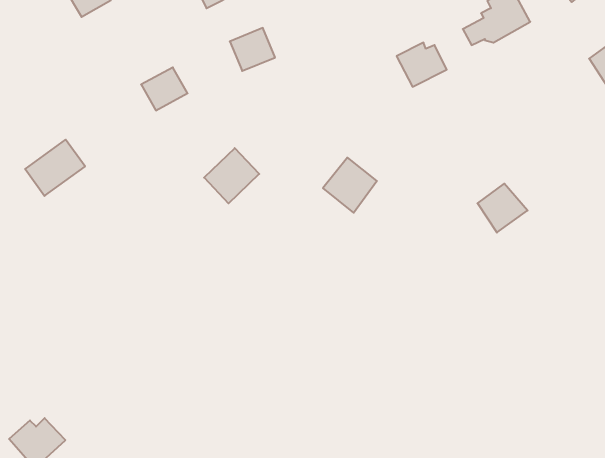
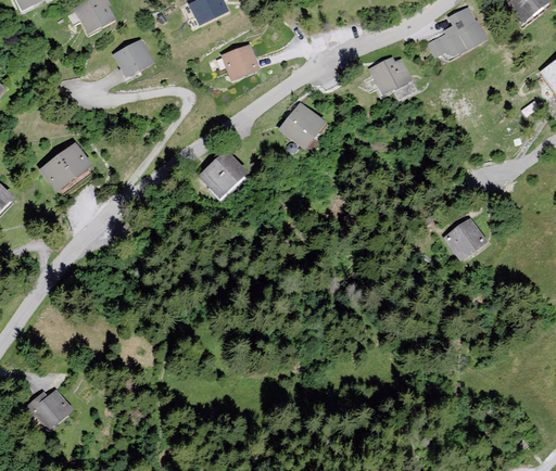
building: [141,67,188,110] -> [112,39,153,77]
building: [323,158,377,213] -> [278,101,326,150]
building: [477,184,528,233] -> [450,222,494,266]

